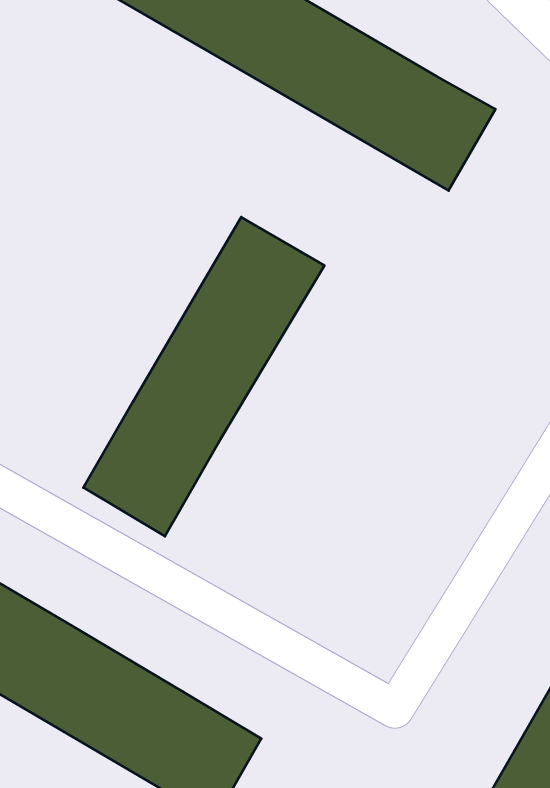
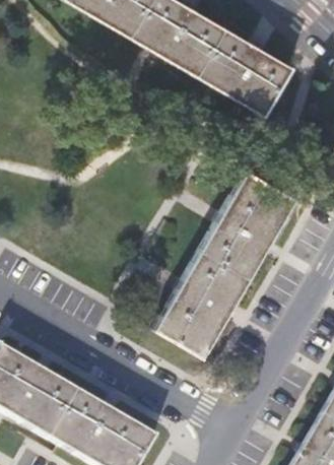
building: [83,217,324,536] -> [154,169,295,355]

